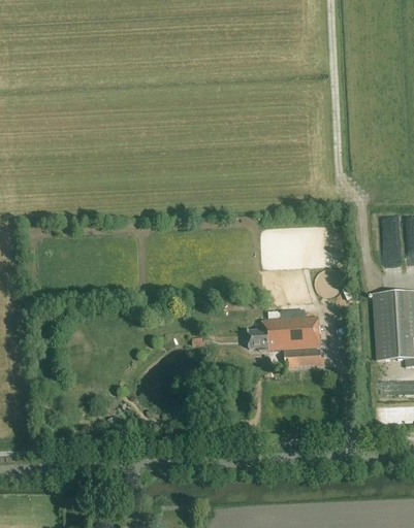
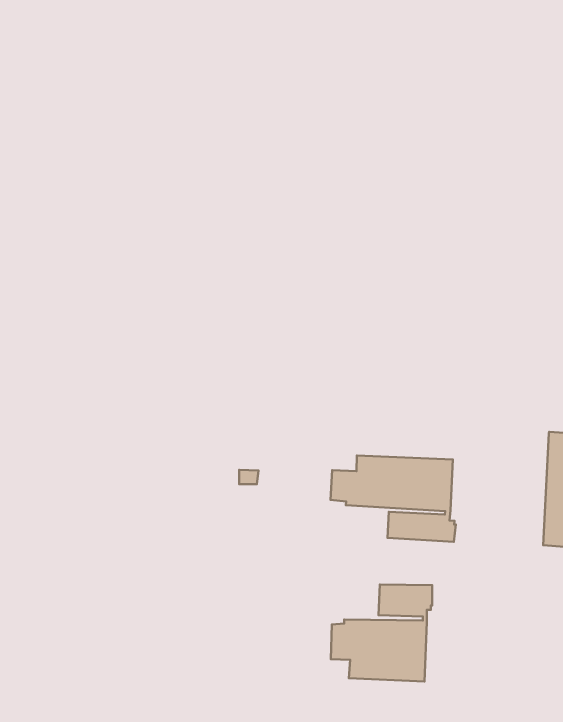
building: none -> [331,585,432,681]

